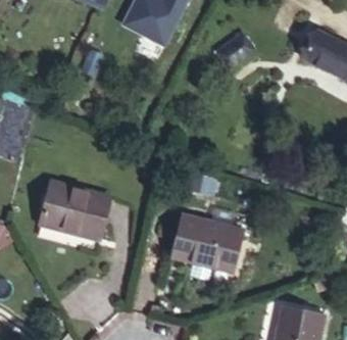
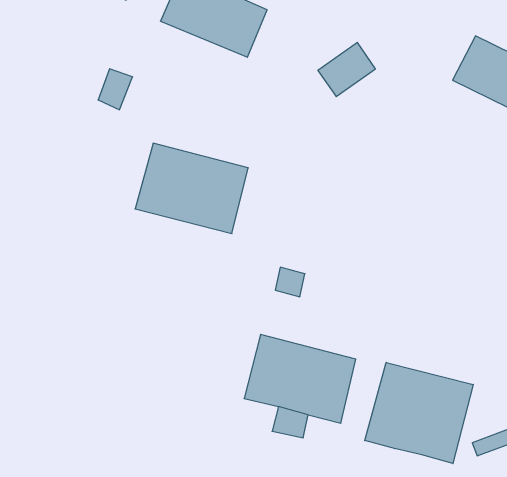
building: [39,182,109,238] -> [135,143,248,234]
building: none -> [365,362,473,464]

